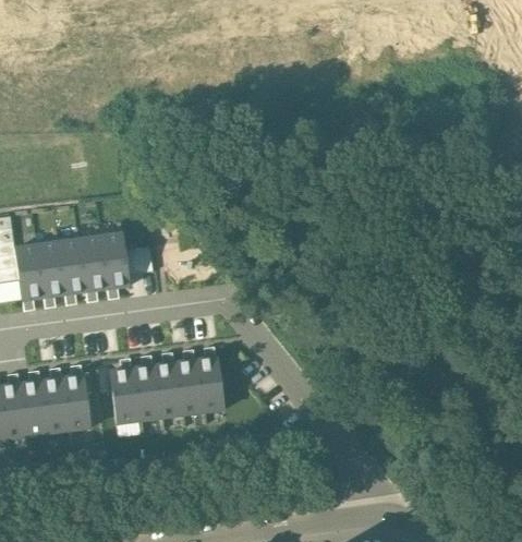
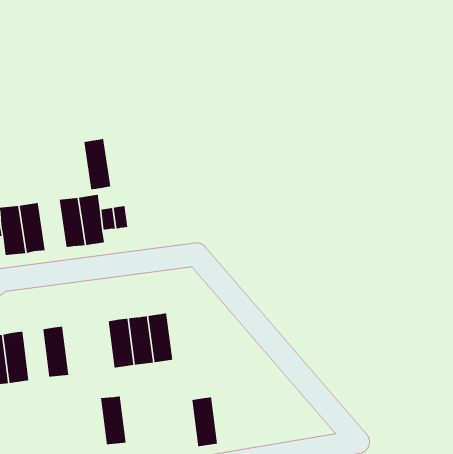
building: [58,239,87,293] -> [83,139,111,190]
building: [195,357,223,410] -> [191,397,218,447]
building: [110,369,138,421] -> [100,396,127,445]
building: [41,377,69,432] -> none

